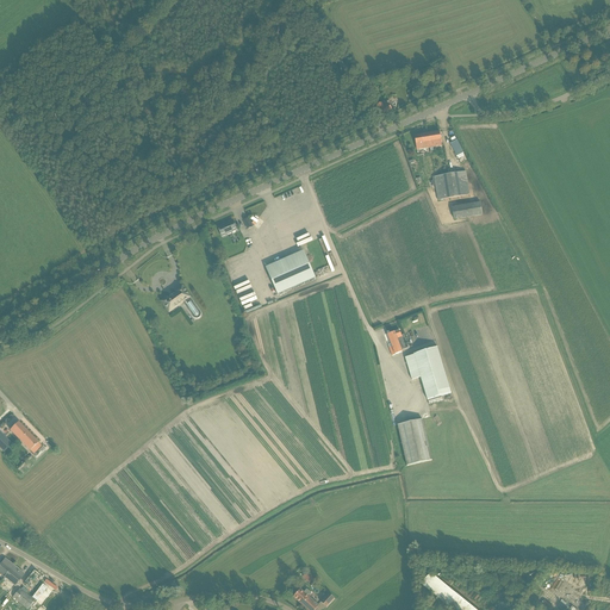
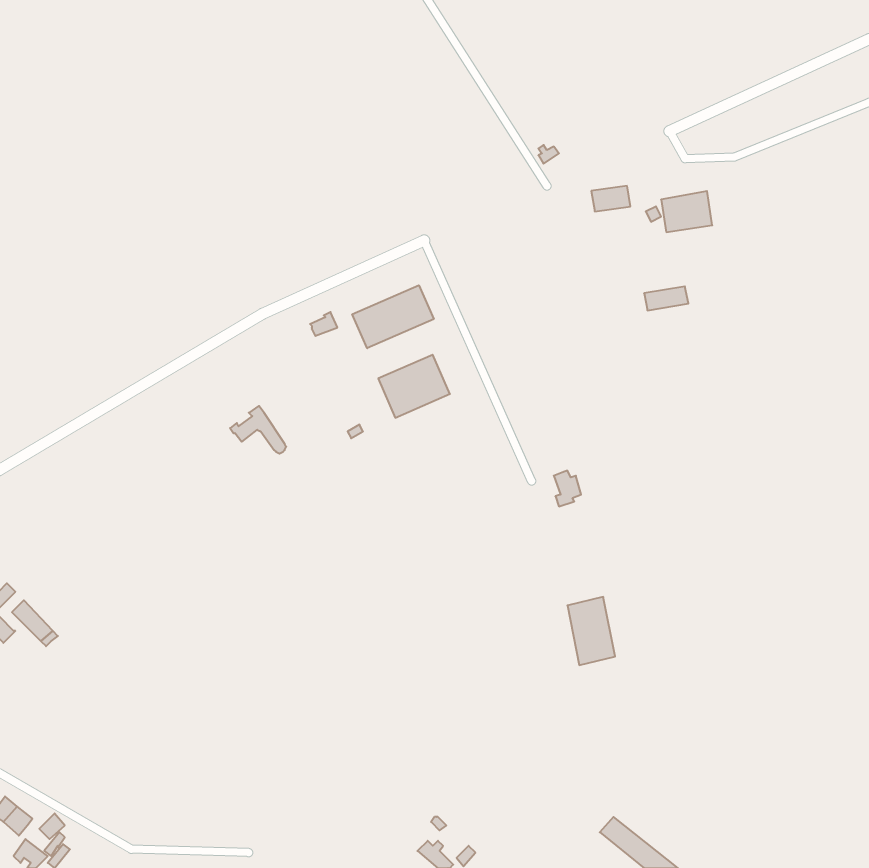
building: [432,169,468,198] -> [661,191,712,232]
building: none -> [352,285,434,348]
building: [404,346,449,398] -> none

